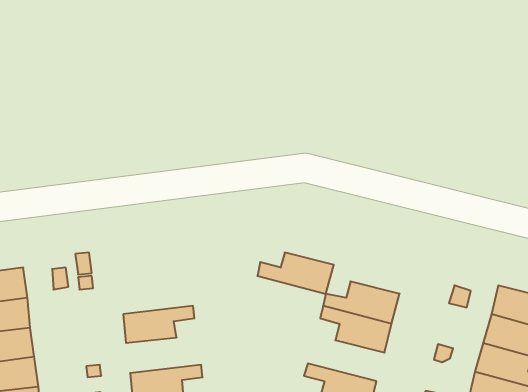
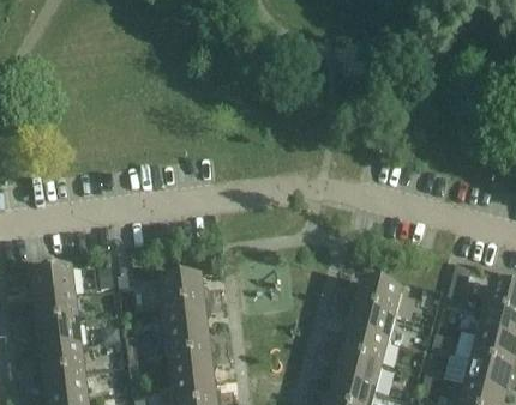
building: [257,253,334,294] -> [322,330,389,365]
building: none -> [156,274,221,307]
building: none -> [162,327,228,358]

